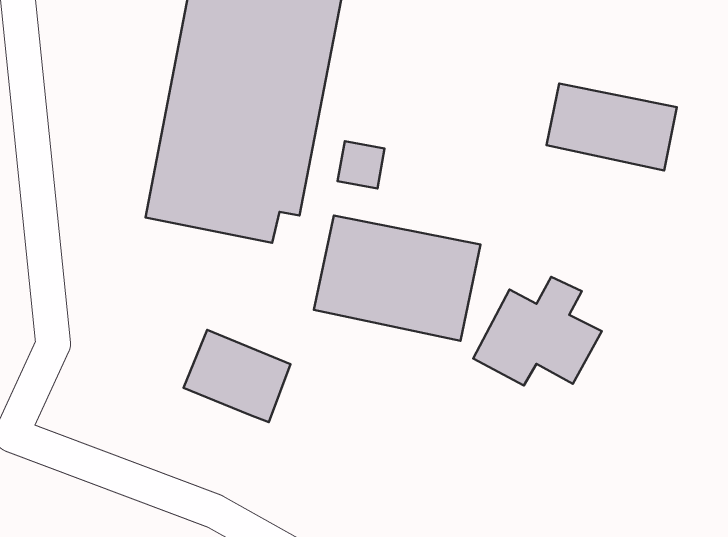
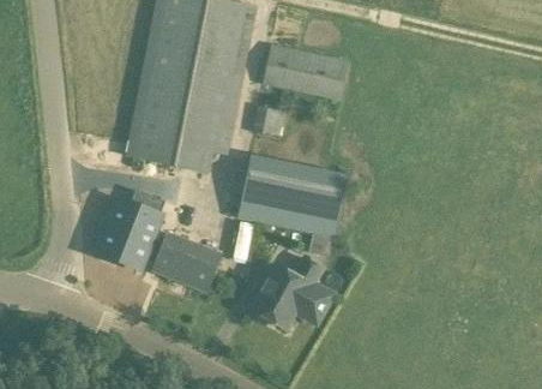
building: [546,84,677,171] -> [263,43,349,101]
building: none -> [100,193,164,264]
building: [473,277,602,386] -> [252,256,337,328]

